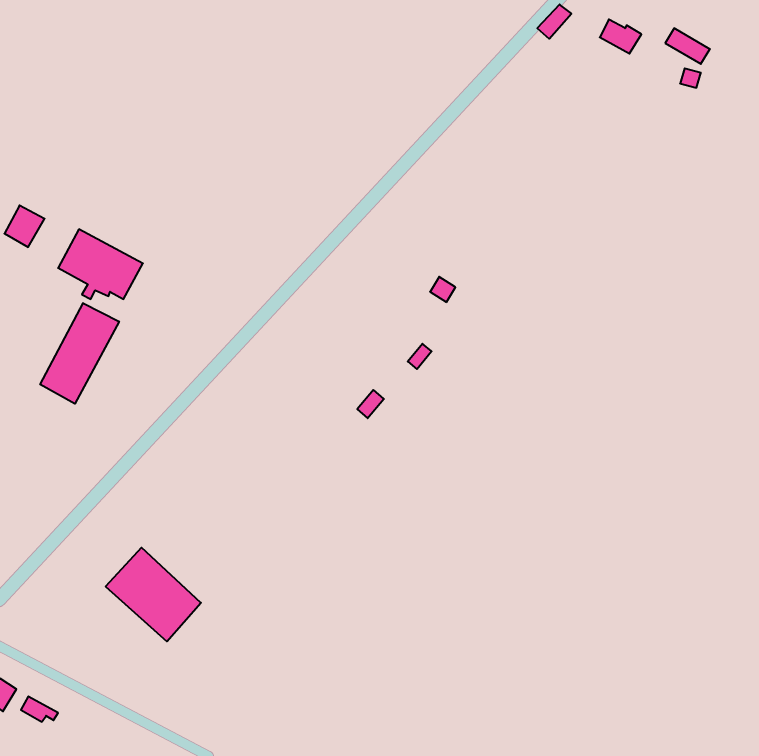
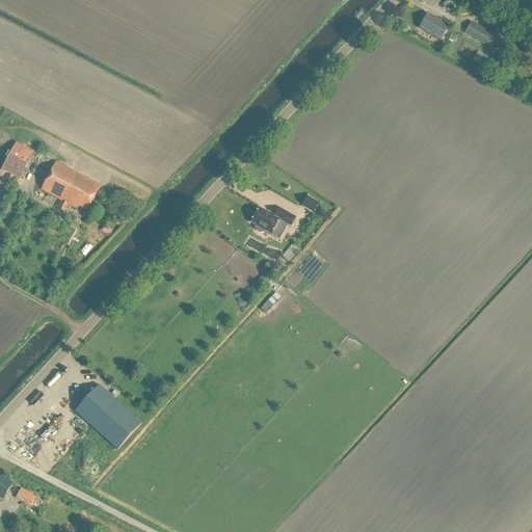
building: none -> [250,206,295,232]
building: [40,303,119,404] -> none

